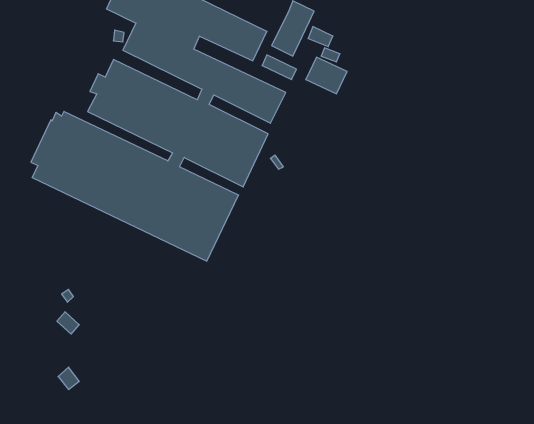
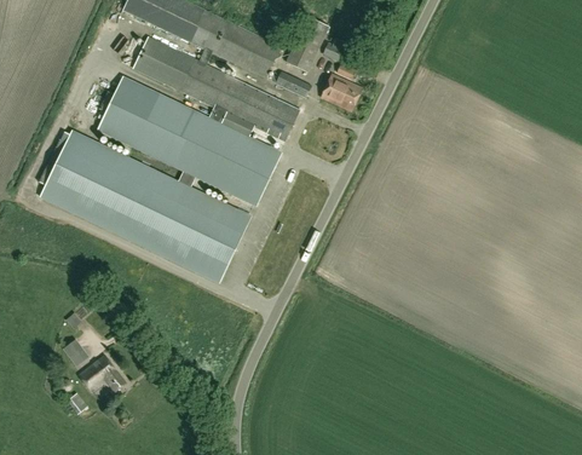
building: none -> [79,356,126,392]

